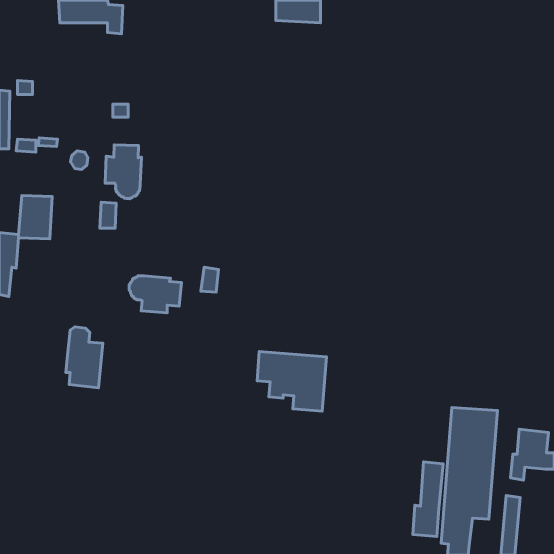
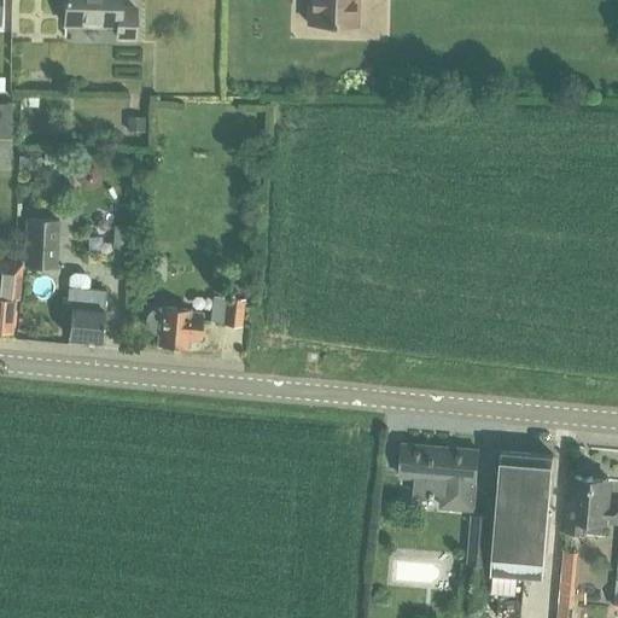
building: [105,145,141,199] -> none
building: [66,327,103,388] -> [64,273,105,340]
building: [257,351,327,411] -> [401,445,478,512]

